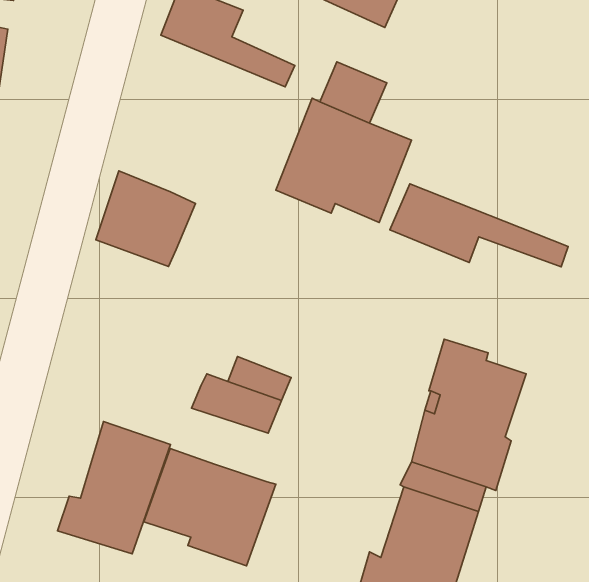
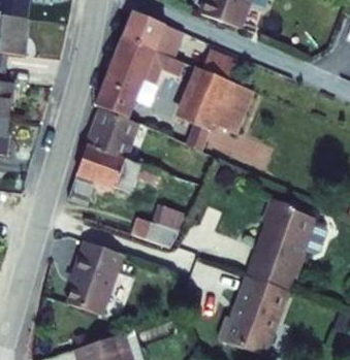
building: none -> [92,32,184,117]
building: [390,184,568,267] -> none
building: none -> [65,142,130,202]
building: [144,449,276,566] -> none

